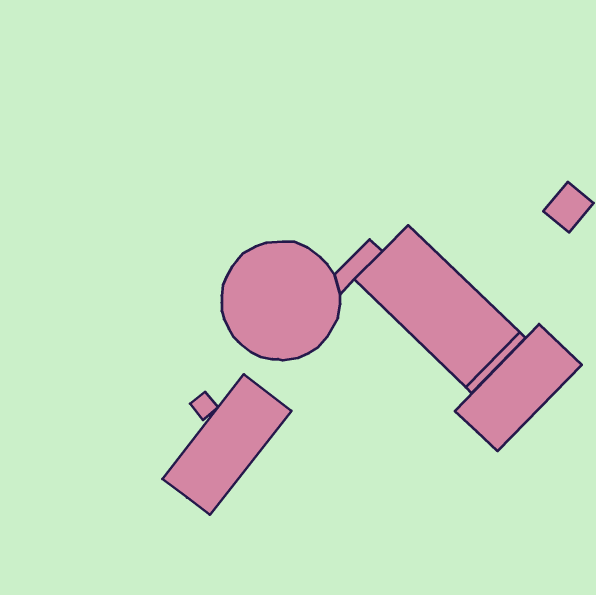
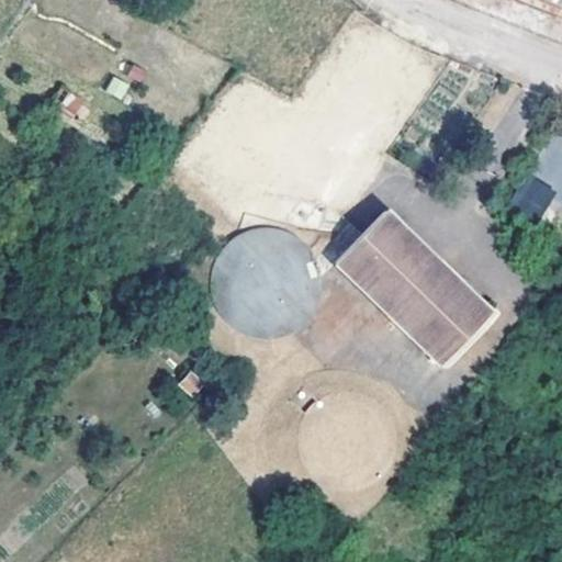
building: [455,324,582,451] -> none
building: [162,374,291,515] -> none

